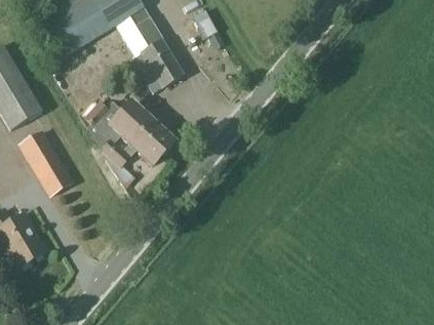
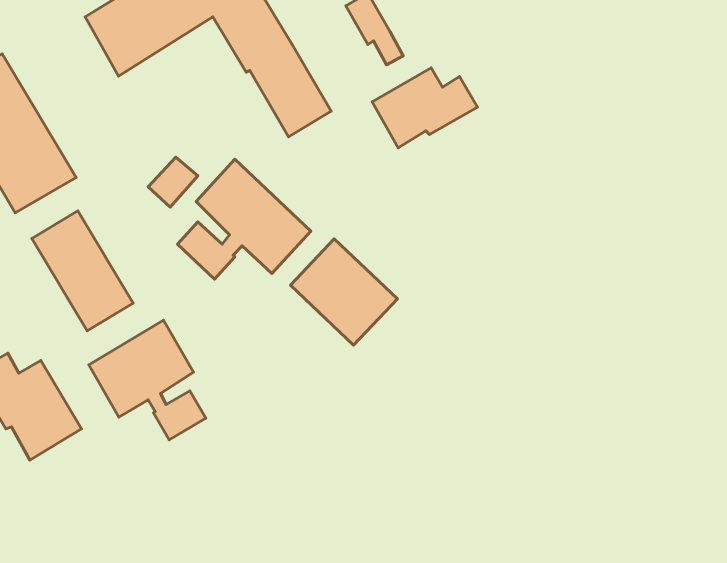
building: none -> [372,68,477,148]
building: none -> [290,239,397,345]
building: none -> [89,320,206,440]

